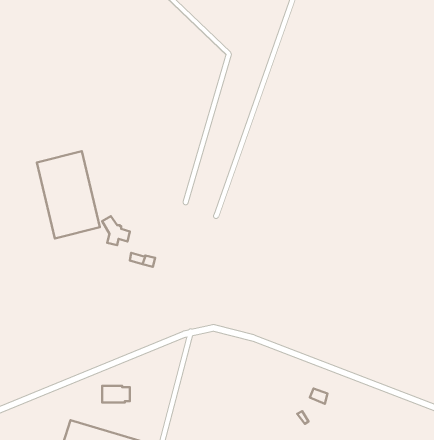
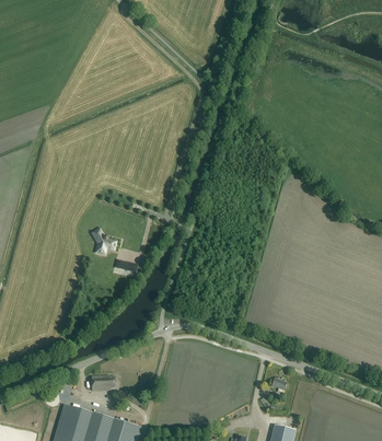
building: [37,151,100,239] -> none

